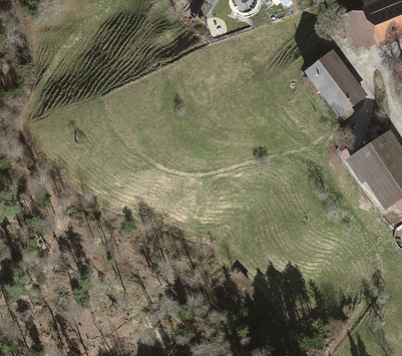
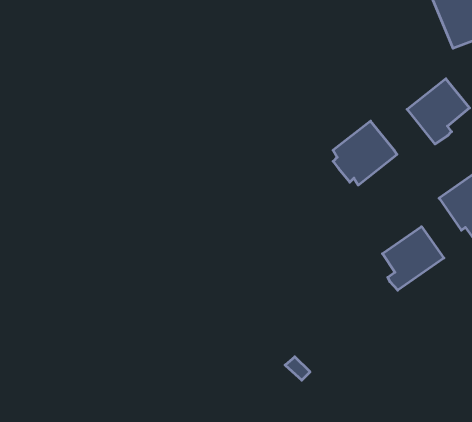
building: [305,49,351,95] -> [333,121,397,185]
building: none -> [382,227,444,290]

